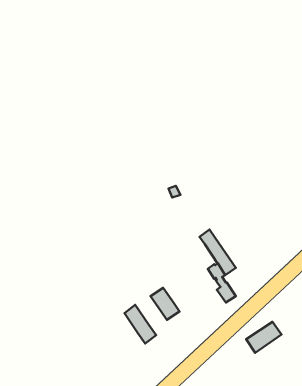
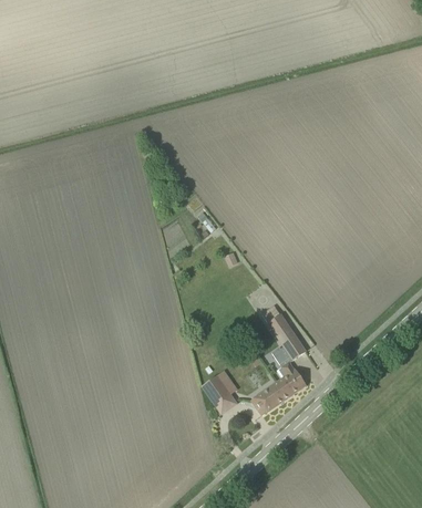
building: [124,305,156,344] -> none
building: [246,322,282,353] -> [253,376,296,414]

